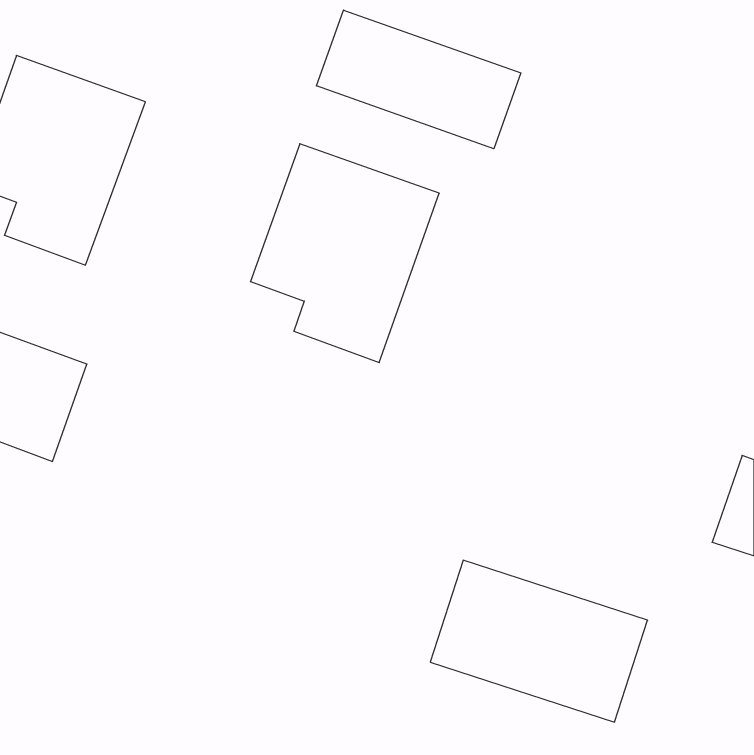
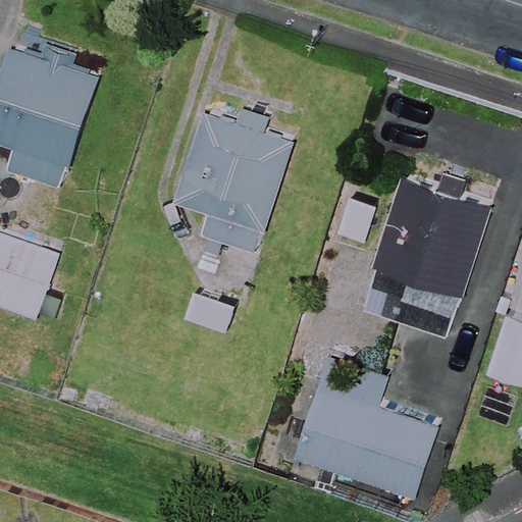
building: [316,10,521,149] -> none
building: none -> [365,175,489,340]

